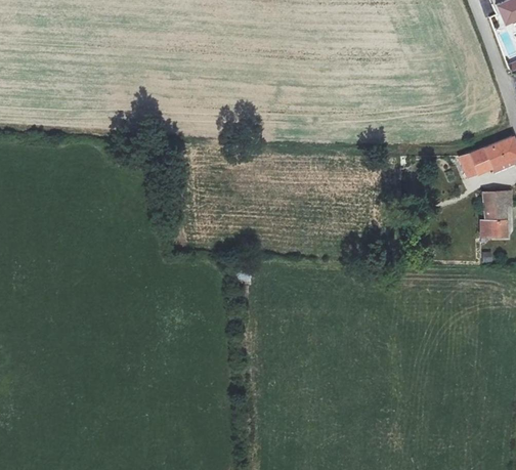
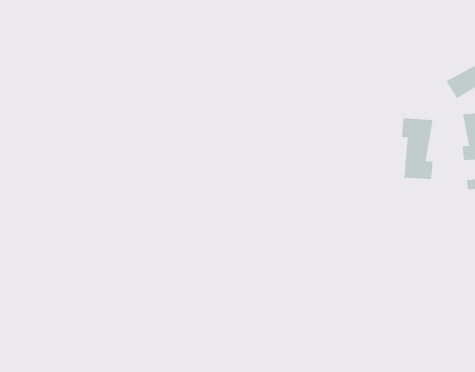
building: none -> [401,118,433,180]

